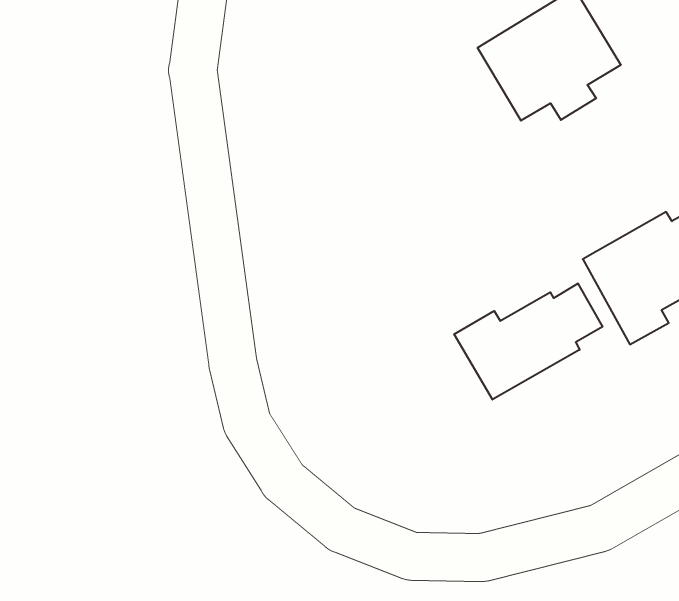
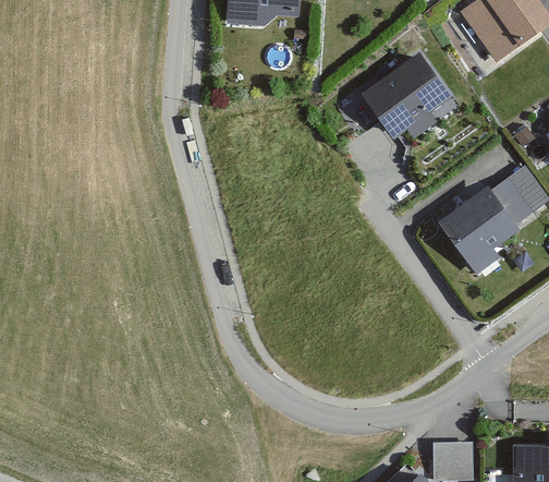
building: [454,283,603,400] -> none

